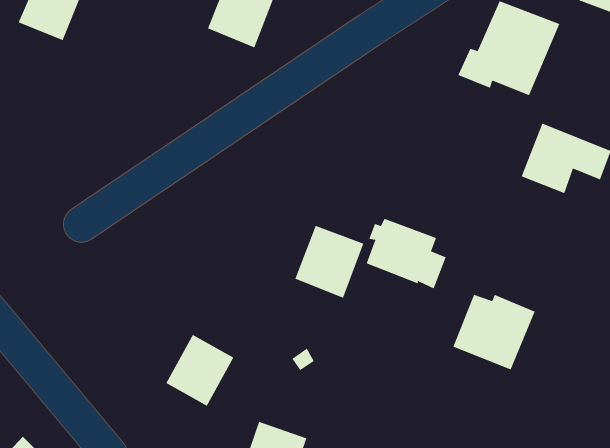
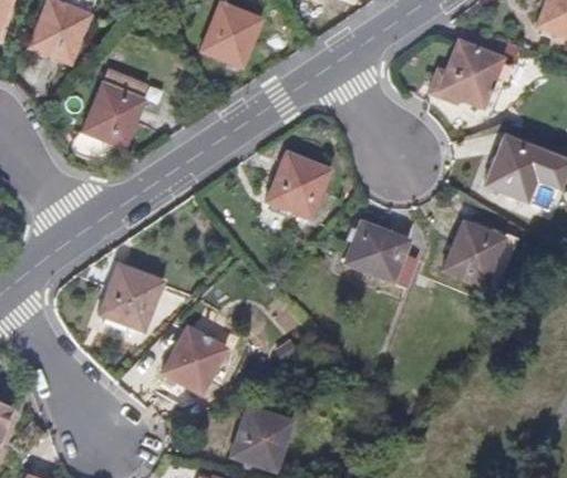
building: none -> [83,83,144,147]
building: [295,225,364,298] -> [267,152,330,218]
building: none -> [99,264,163,331]
building: [453,294,536,370] -> [443,222,518,291]

